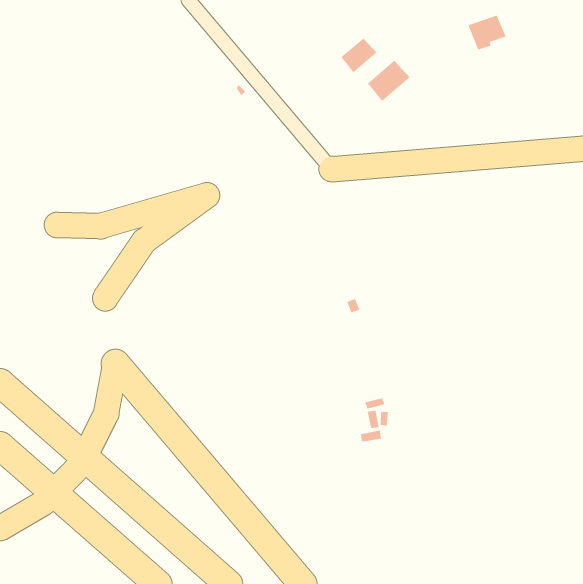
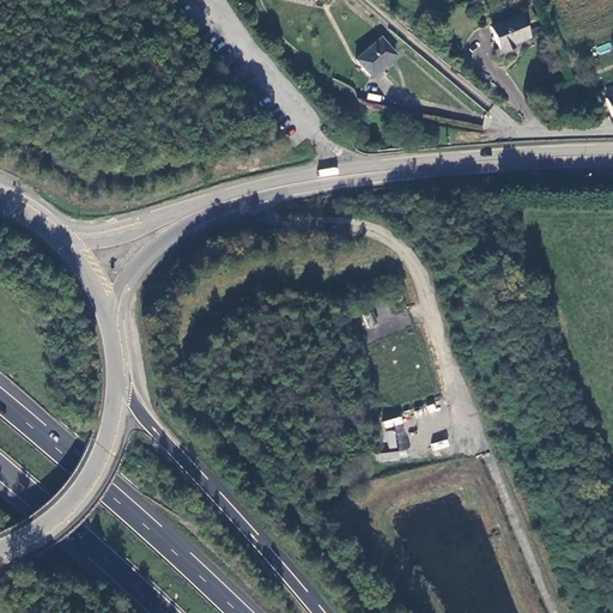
building: [367,60,411,102] -> none

